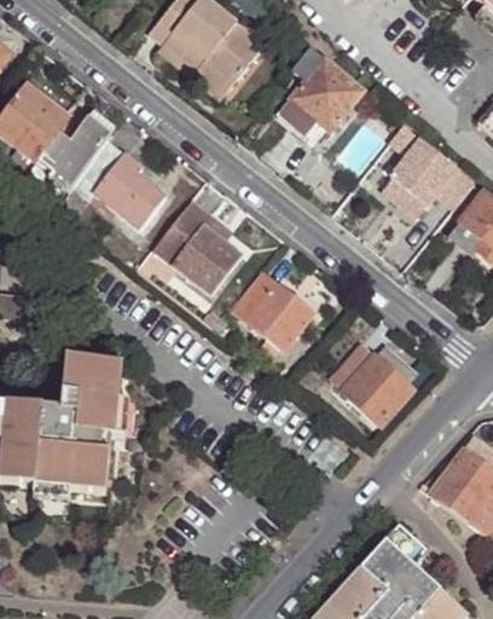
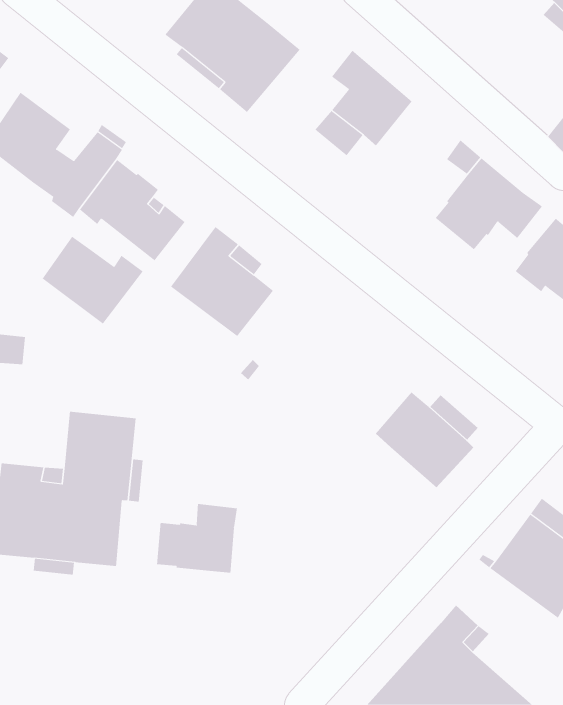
building: none -> [42,236,143,325]
building: [231,270,313,349] -> none
building: none -> [157,503,238,573]

